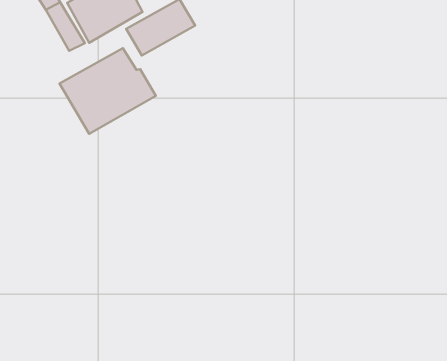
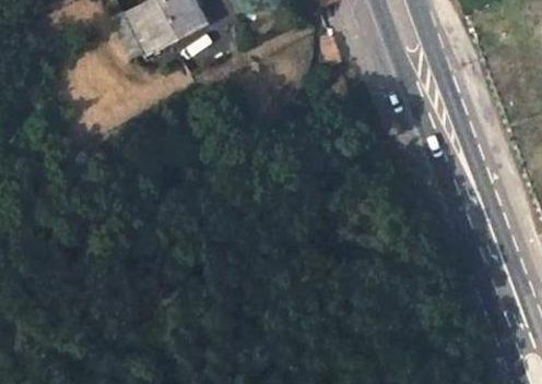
building: [60,48,156,134] -> none

